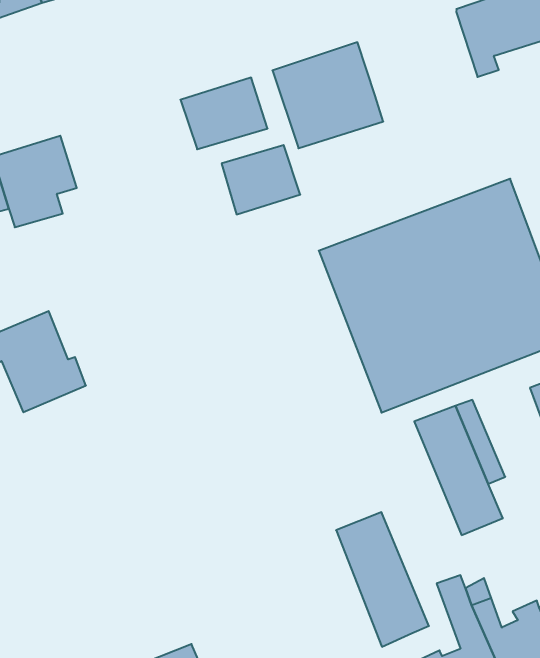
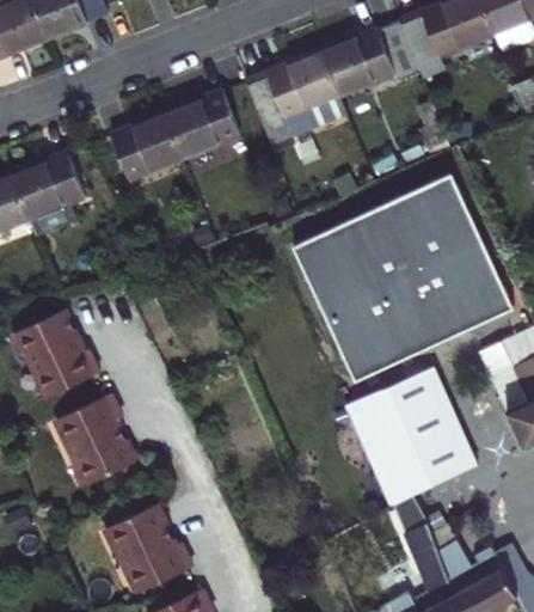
building: none -> [313,29,418,105]
building: [222,145,300,214] -> [111,118,180,180]
building: none -> [54,391,135,483]
building: [336,512,429,647] -> [343,384,428,500]
building: none -> [104,502,191,590]

